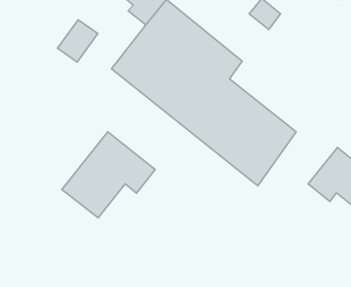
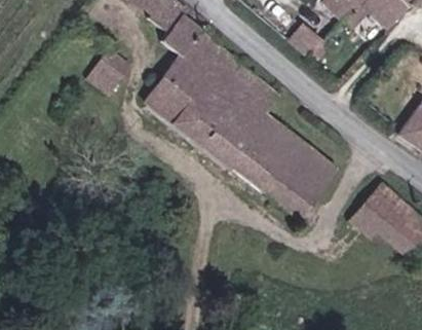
building: [62,132,155,218] -> none

